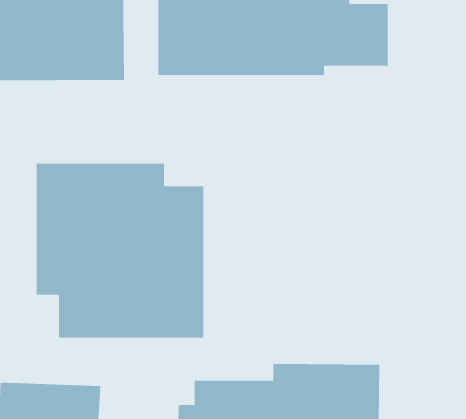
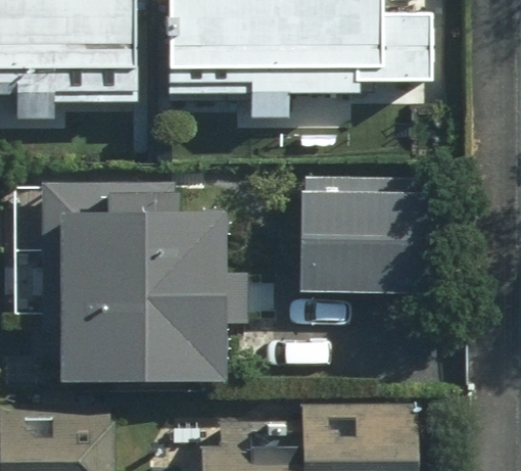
building: none -> [295,180,434,302]

